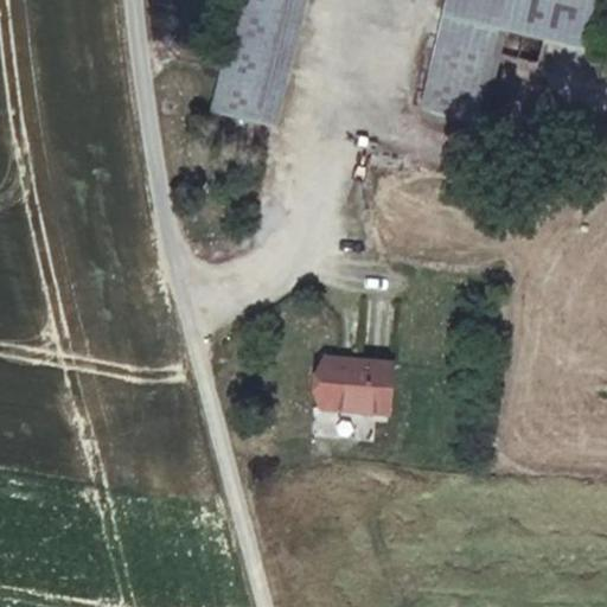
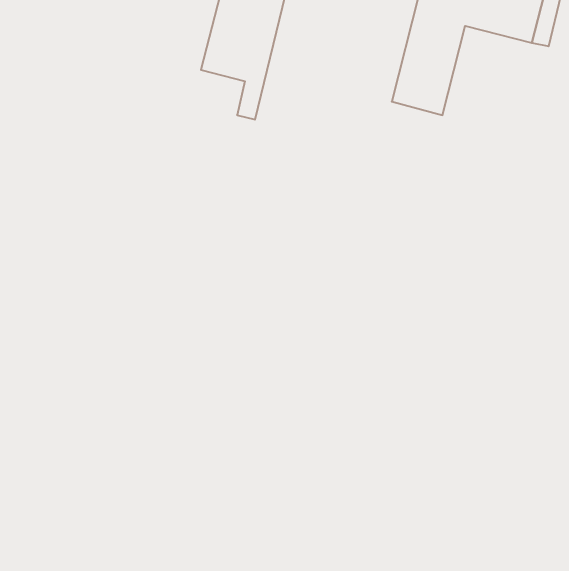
building: [211,74,266,121] -> none
building: [319,356,391,411] -> none

